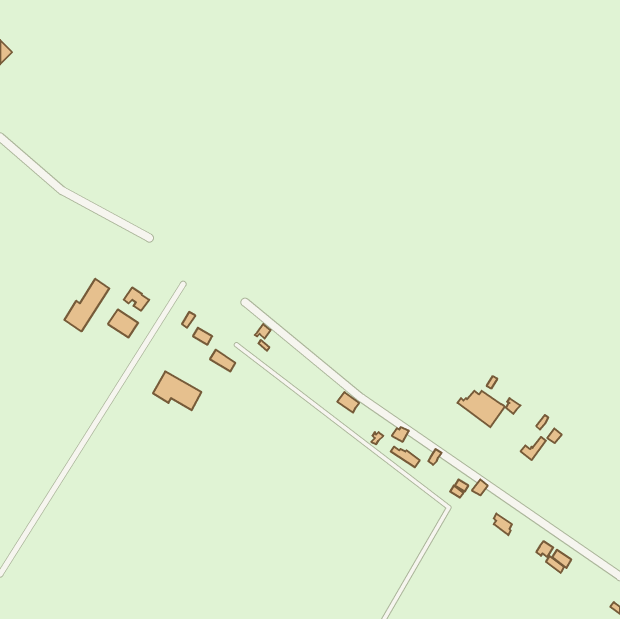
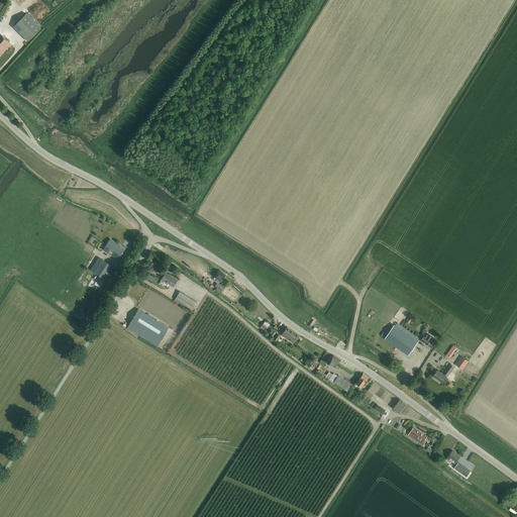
building: none -> [13,14,40,42]
building: [64,279,109,331] -> none

